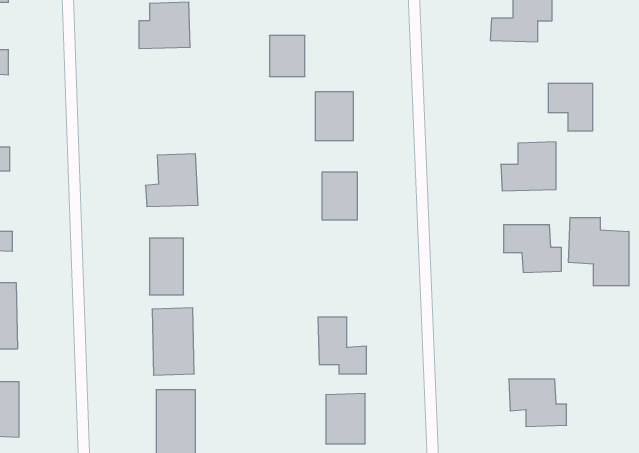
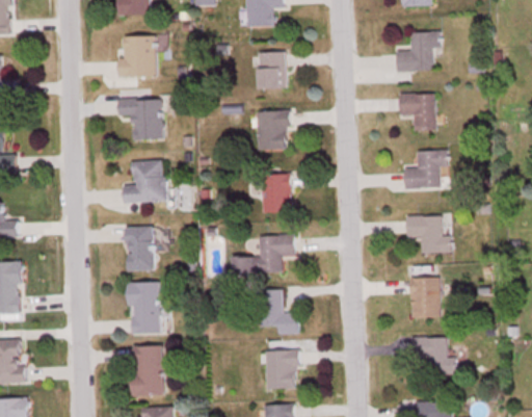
building: [269,36,305,76] -> [257,55,285,87]
building: none -> [118,98,162,138]
building: [548,83,593,131] -> [398,93,433,130]
building: [568,217,629,286] -> none
building: none -> [231,234,294,273]
building: none -> [409,276,440,316]

